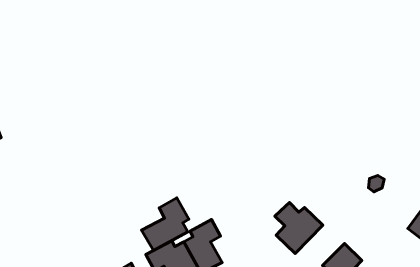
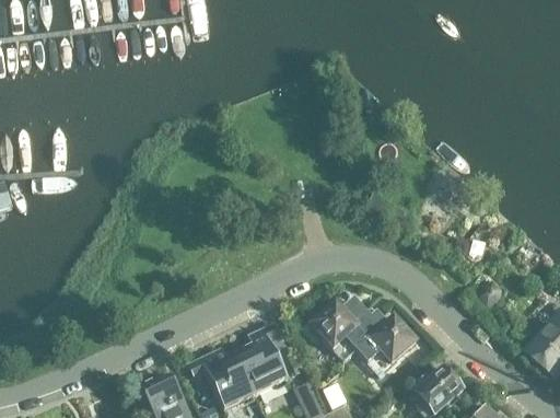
building: none -> [312,295,371,360]
building: [142,198,189,251] -> none

